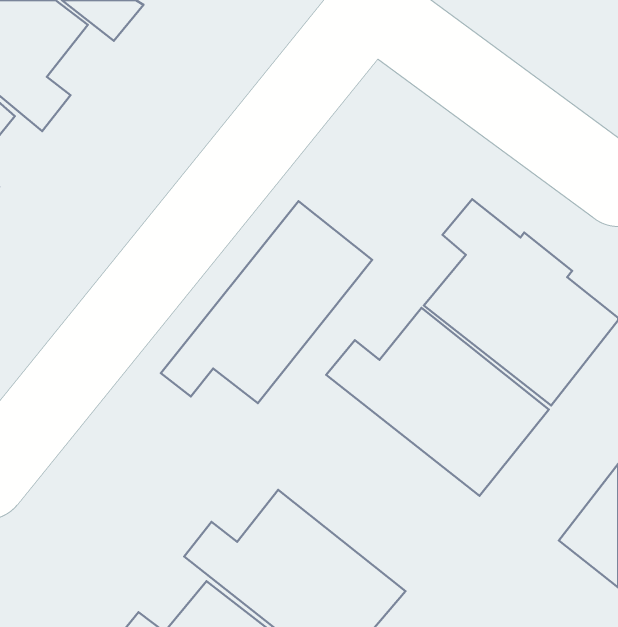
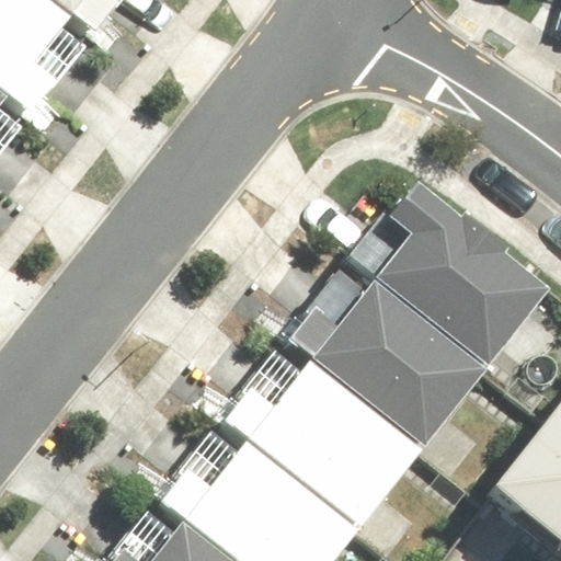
building: [161,201,372,403] -> none
building: none -> [227,358,423,525]

